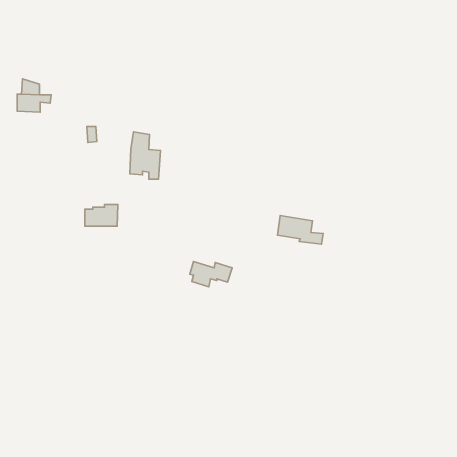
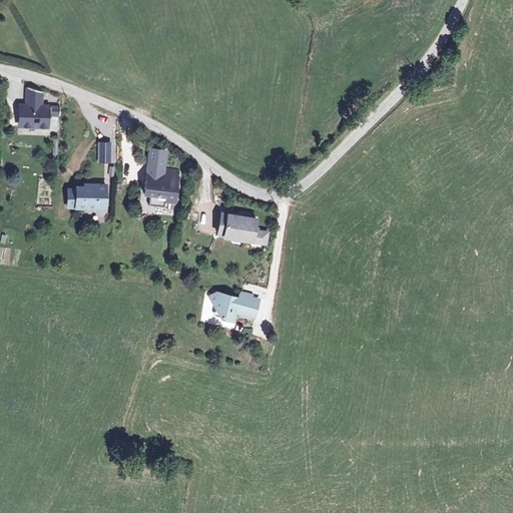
building: [85,205,118,226] -> [69,184,106,208]
building: [278,216,323,244] -> [219,213,271,245]

